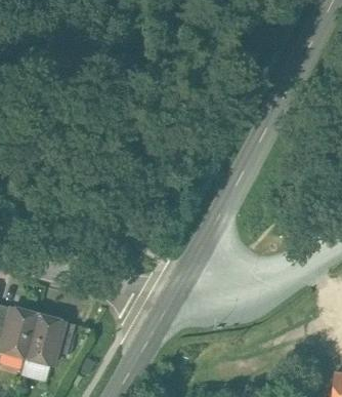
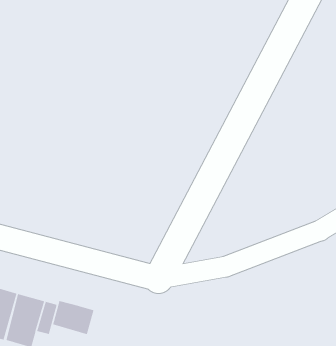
building: none -> [52,300,95,335]

